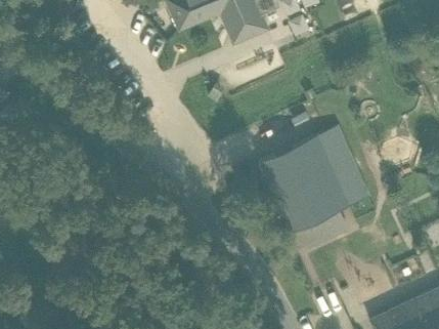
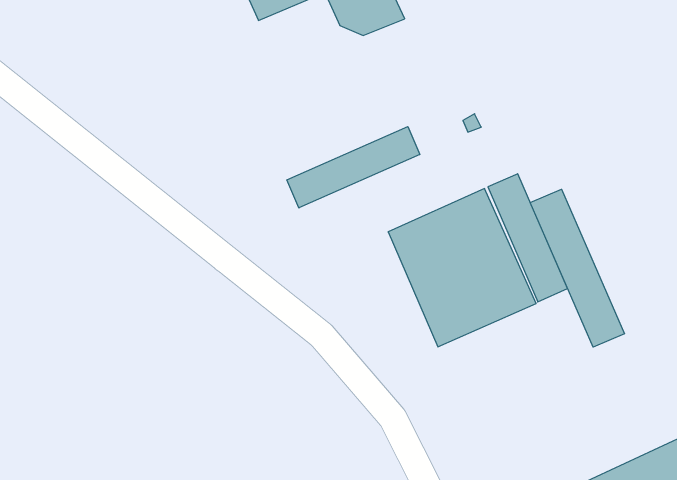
building: none -> [287,127,420,208]
building: none -> [530,189,624,347]

